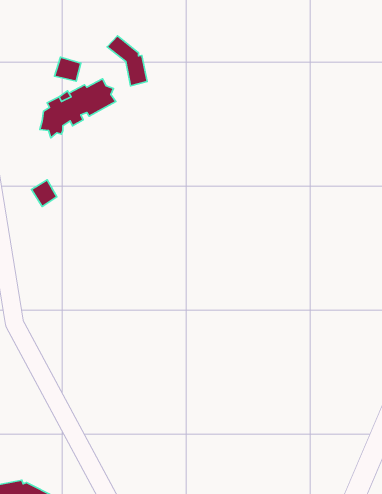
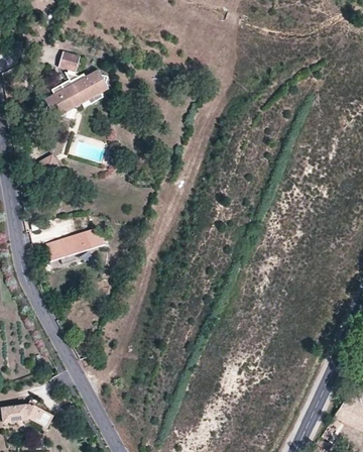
building: [107,36,147,86] -> none
building: none -> [46,228,102,259]

